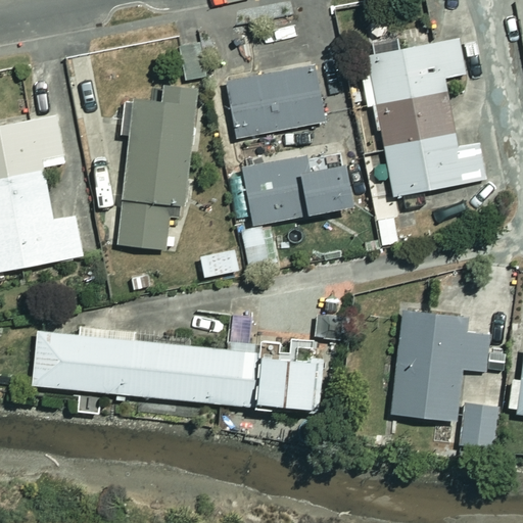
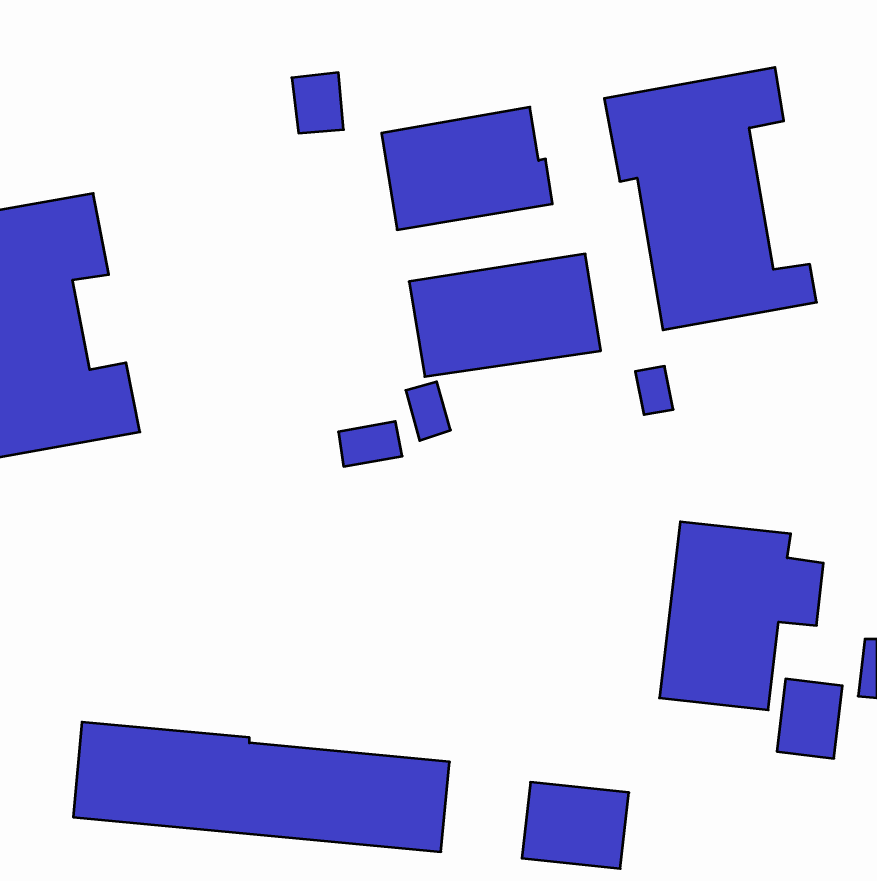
building: [116,86,196,250] -> none
building: [33,329,255,406] -> [73,722,450,852]
building: [259,359,323,410] -> [522,782,629,869]

